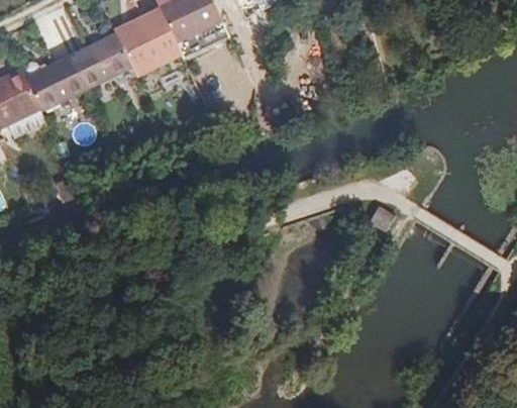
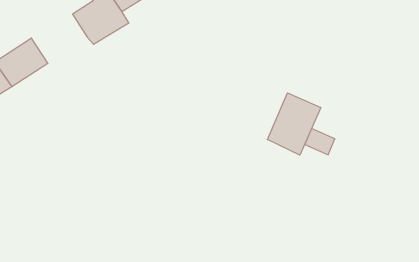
building: [69,34,132,89] -> none
building: none -> [267,93,321,155]

